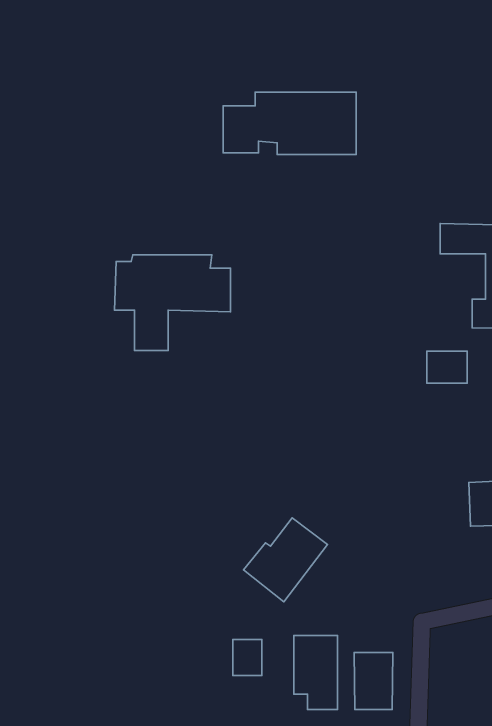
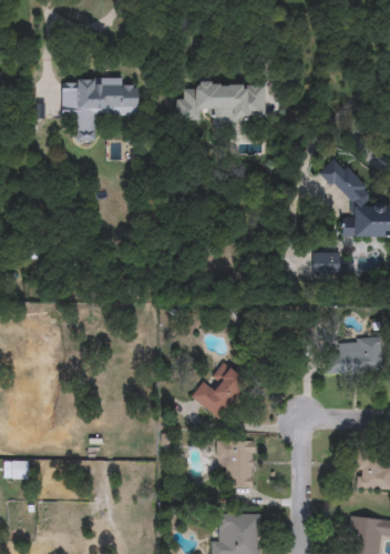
building: [114,255,230,351] -> [61,78,137,141]
building: [233,640,262,676] -> none
building: [354,653,393,709] -> none

